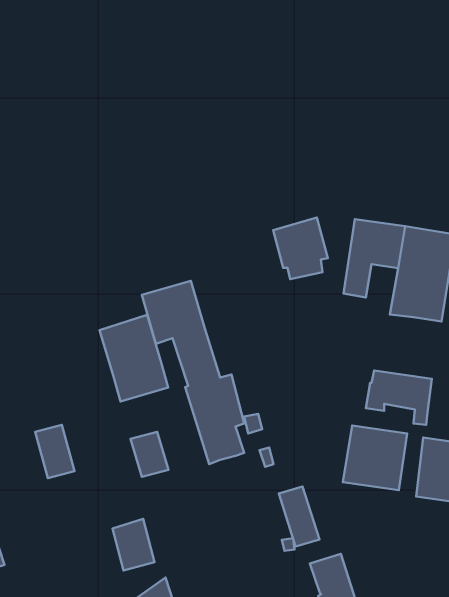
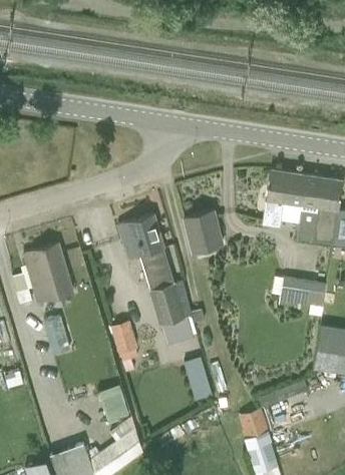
building: [273,218,328,279] -> [183,210,222,255]
building: [100,315,168,402] -> [24,243,73,305]
building: [343,426,407,490] -> none
building: [279,486,319,547] -> [184,357,213,400]

